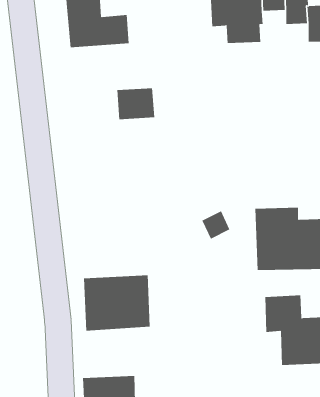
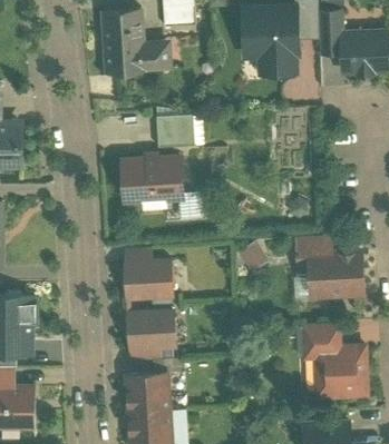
building: none -> [120,156,183,206]
building: none -> [118,246,187,300]
building: none -> [120,364,175,407]

